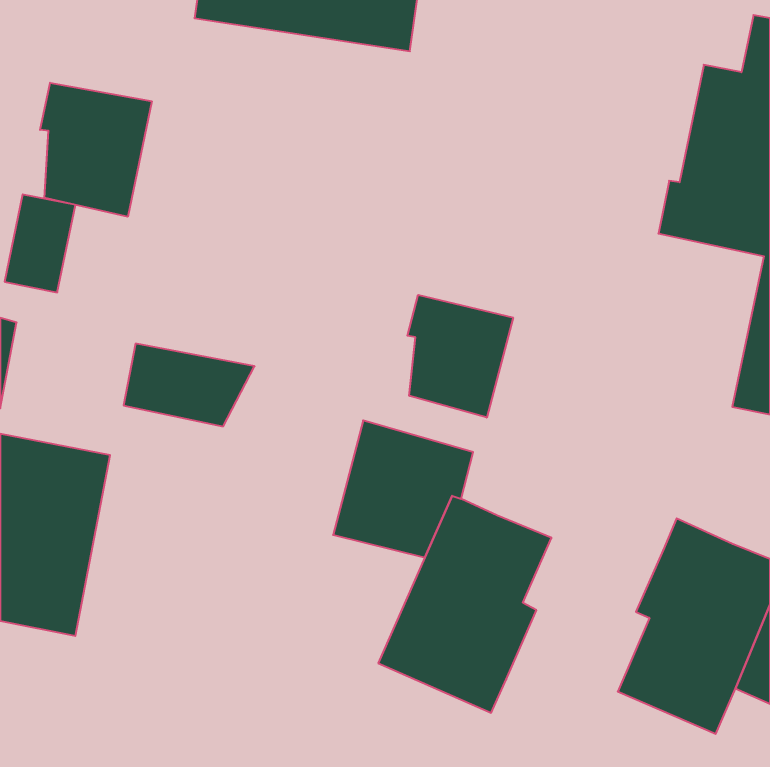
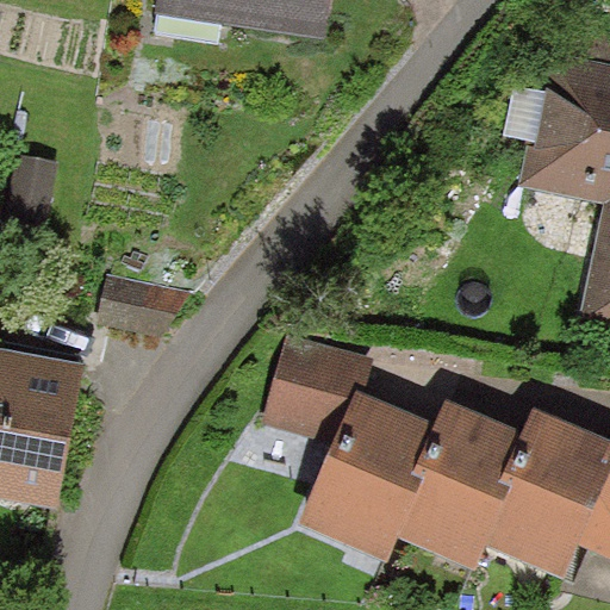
building: [40,83,152,217] -> none
building: [407,295,513,418] -> none
building: none -> [400,400,524,572]

